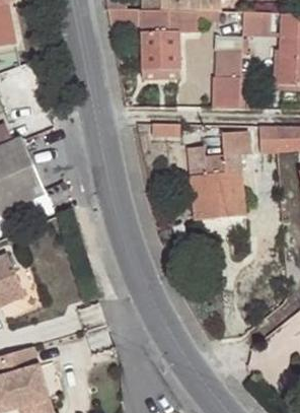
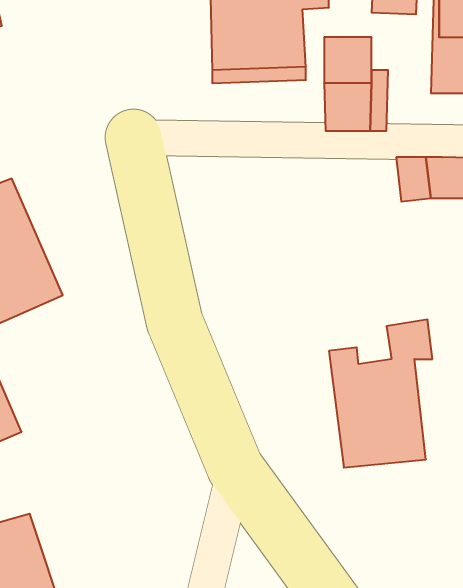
building: [188,128,251,219] -> [329,320,432,468]

